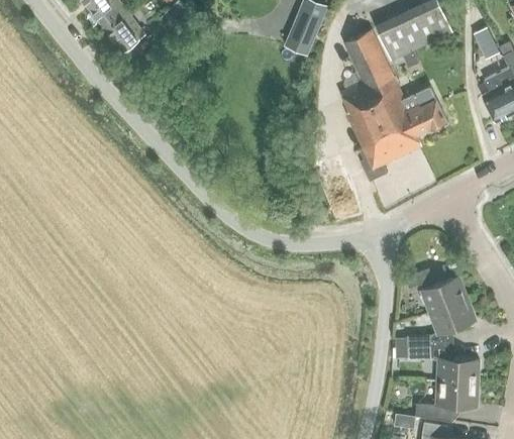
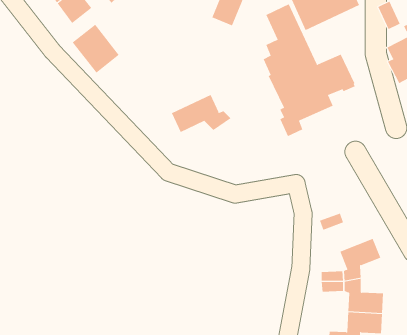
building: none -> [72,24,120,74]
building: none -> [171,94,231,133]
building: [421,277,468,313] -> none

